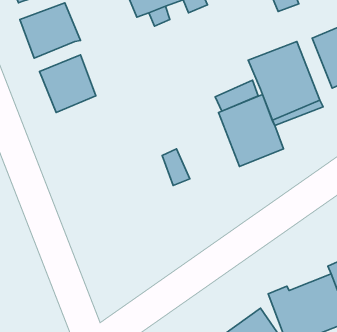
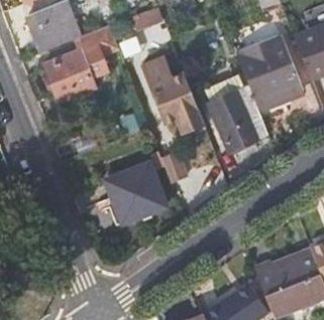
building: none -> [77,25,120,79]
building: none -> [143,60,200,125]
building: none -> [105,160,168,225]

